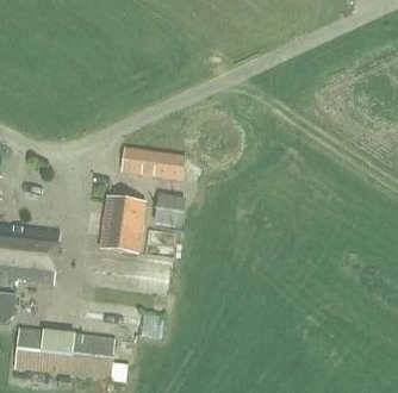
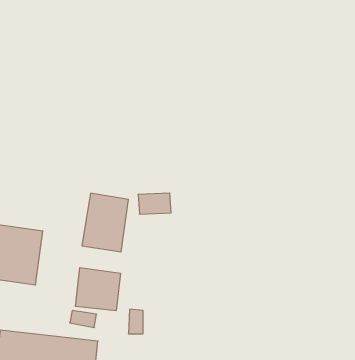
building: [124,148,186,177] -> none
building: none -> [75,268,120,311]

